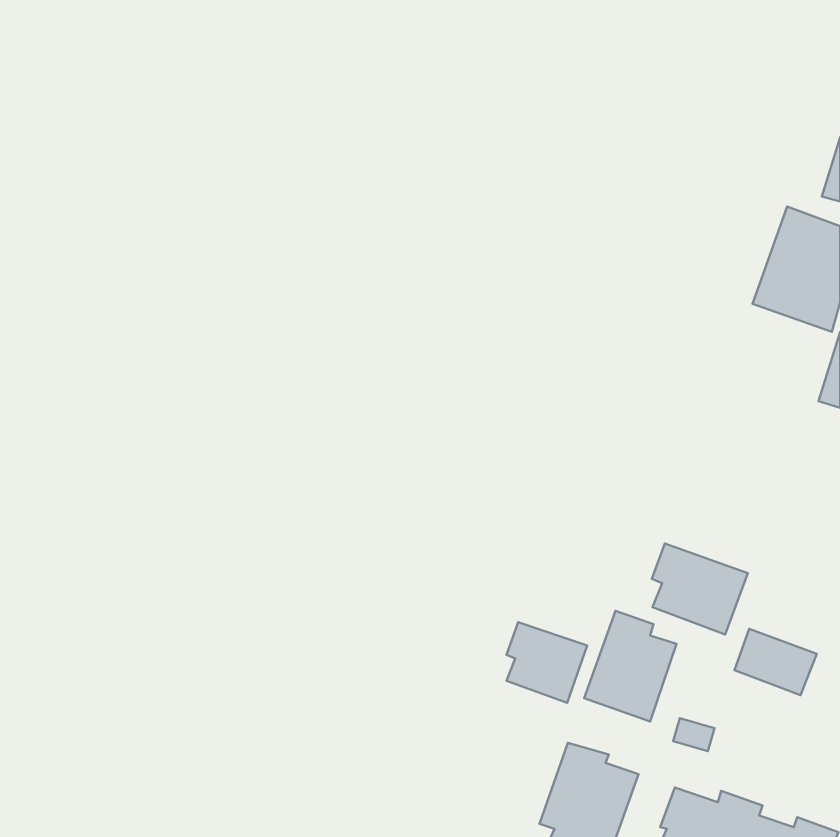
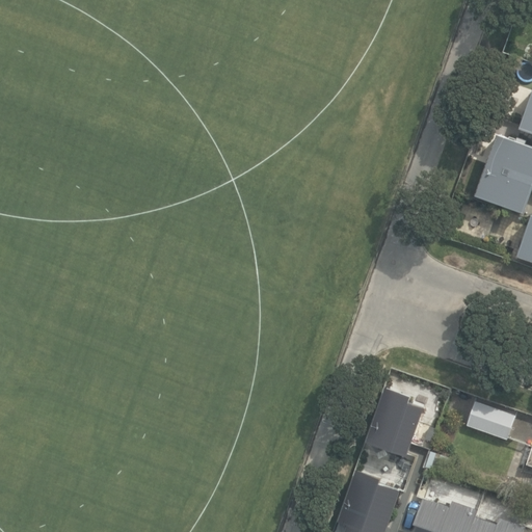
building: [652,543,748,635] -> none
building: [507,622,587,703] -> none

